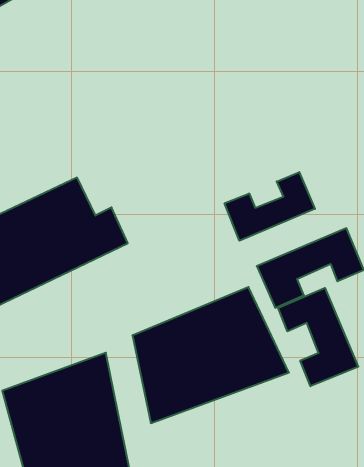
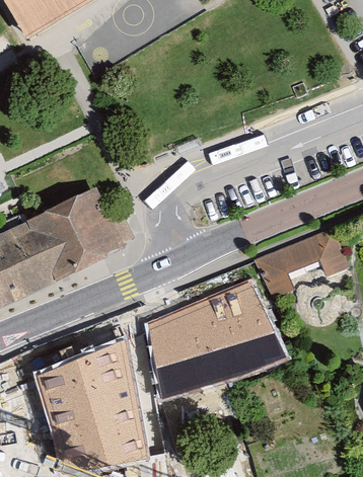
building: [225,172,315,241] -> none
building: [278,288,358,386] -> none

